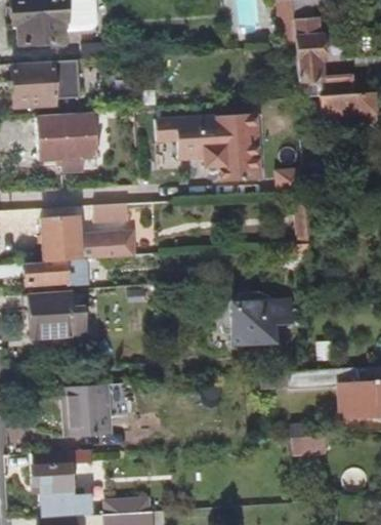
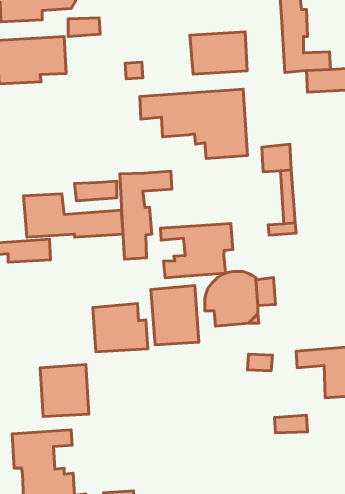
building: none -> [190,32,247,74]
building: [38,114,97,168] -> none
building: none -> [120,171,172,259]
building: none -> [161,223,233,278]
building: [27,288,81,336] -> [93,303,148,352]
building: none -> [151,285,199,345]

